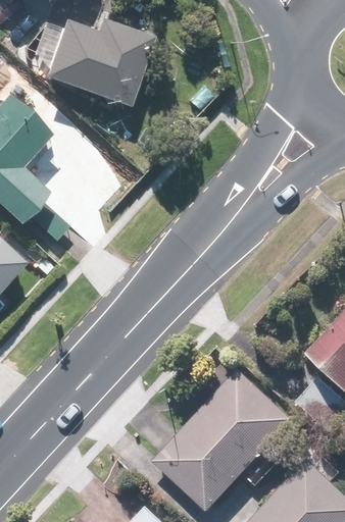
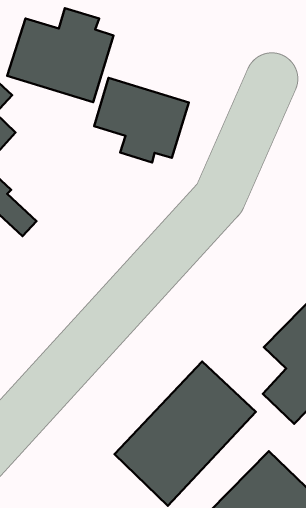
building: none -> [94,78,189,163]

